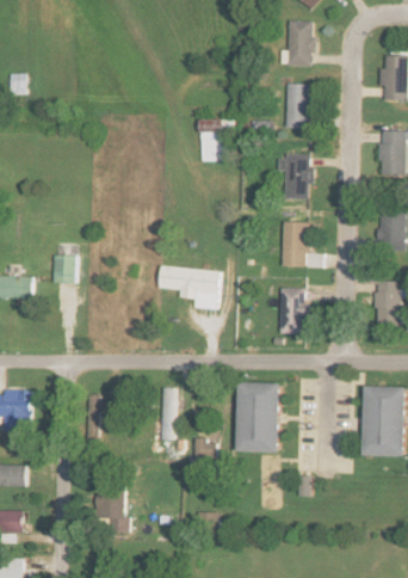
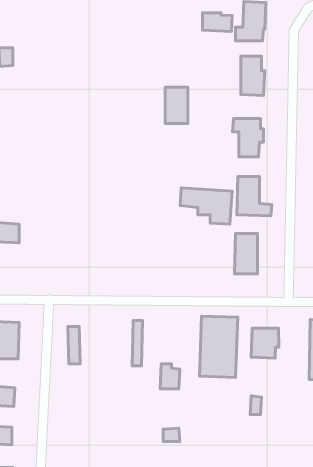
building: none -> [202,13,232,31]
building: [51,254,75,282] -> none
building: [159,266,218,308] -> [180,188,232,224]
building: none -> [251,328,279,358]
building: [97,482,129,530] -> none

